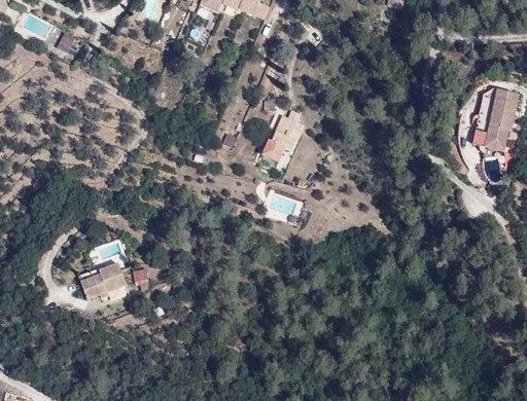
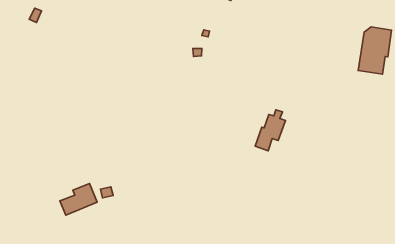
building: [261,110,303,161] -> [255,110,286,151]

